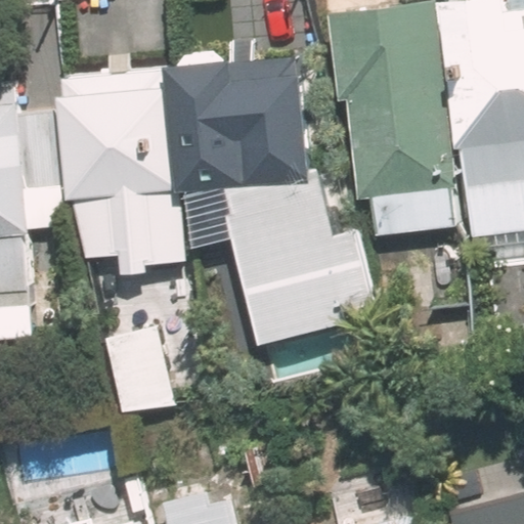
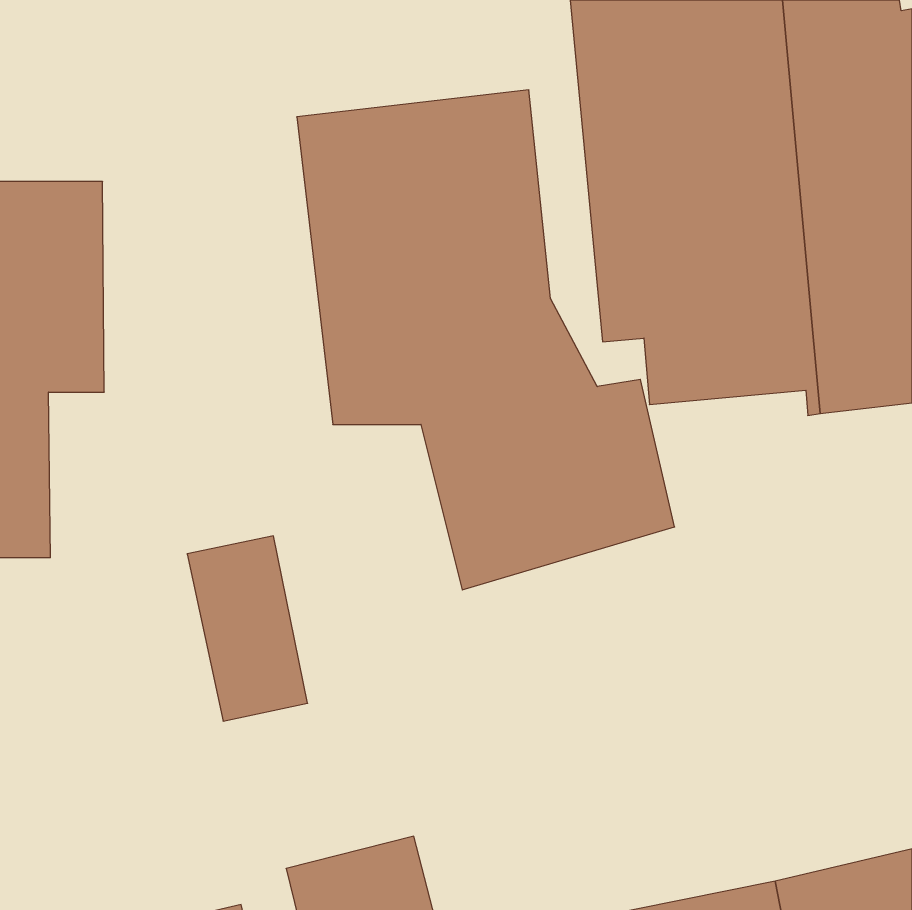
building: [75,72,189,267] -> none

